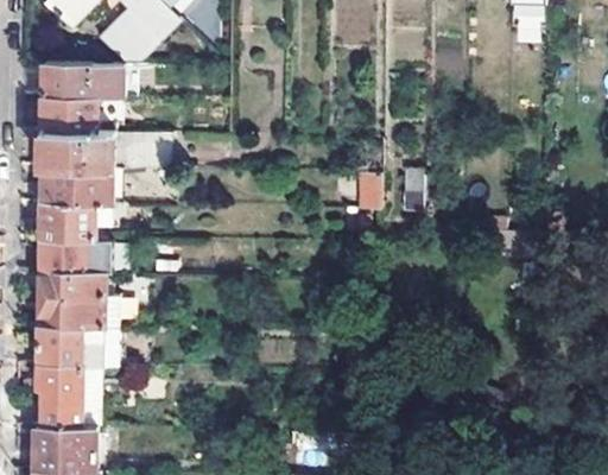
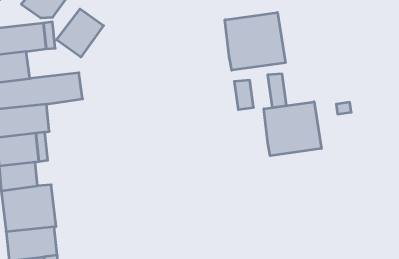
building: none -> [56,9,104,57]
building: none -> [225,12,285,70]
building: none -> [264,102,321,156]

